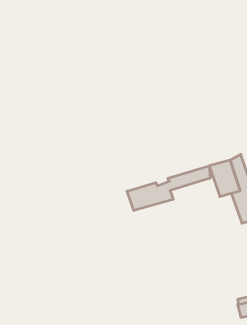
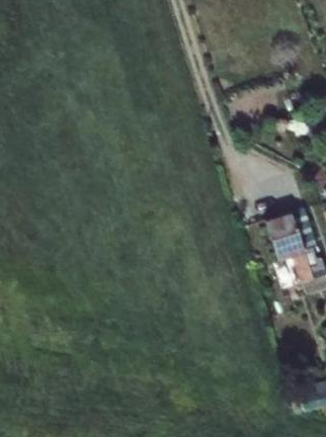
building: [127,166,210,211] -> none

